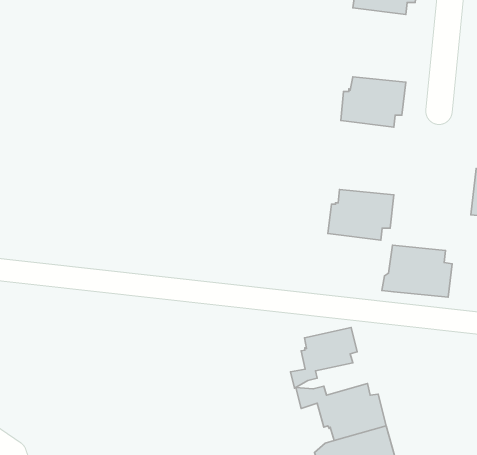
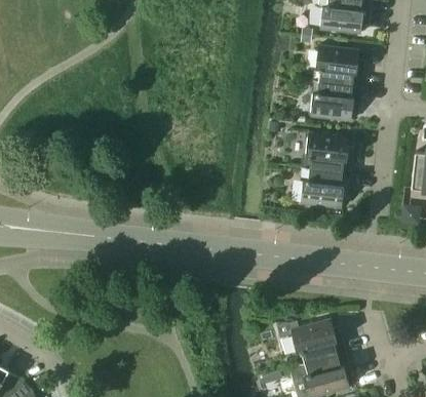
building: none -> [309,45,362,85]
building: [382,245,452,297] -> [299,132,353,172]
building: [291,328,357,388] -> none

